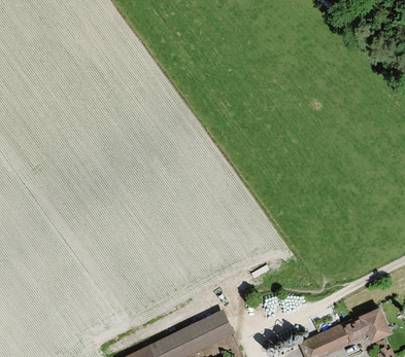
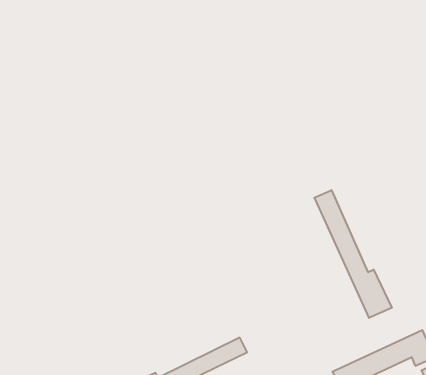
building: none -> [314,190,392,318]

